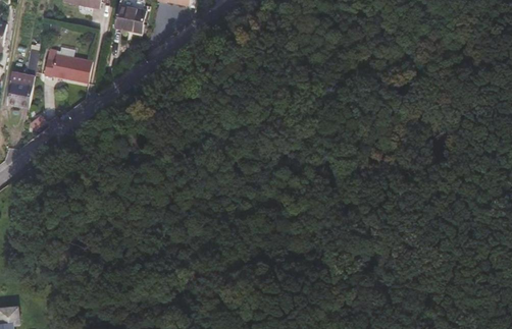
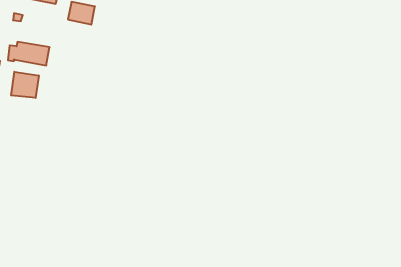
building: none -> [11,72,39,98]

